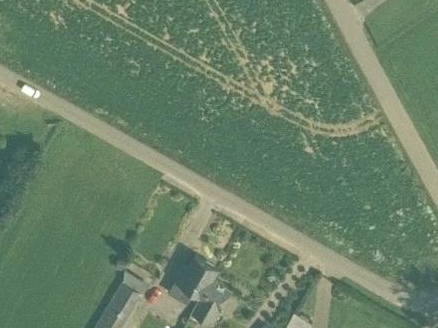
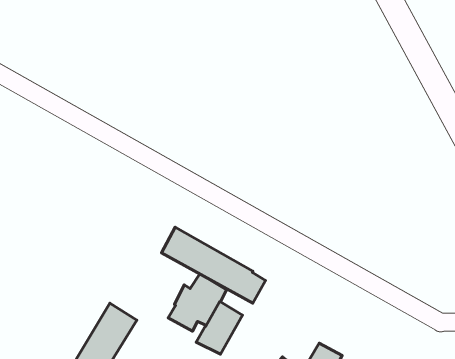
building: none -> [162,227,265,303]

